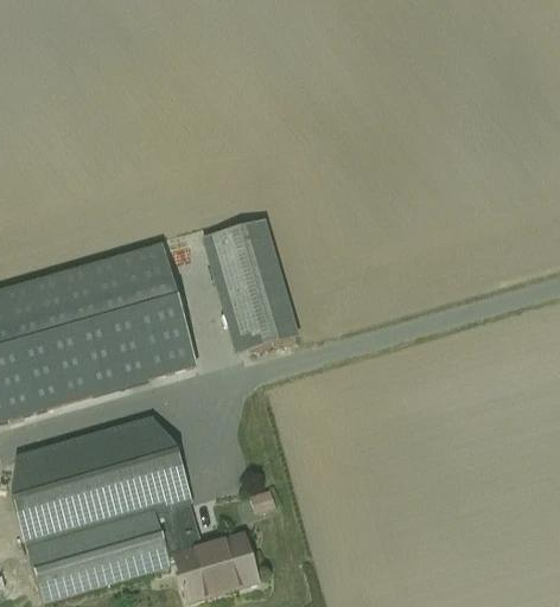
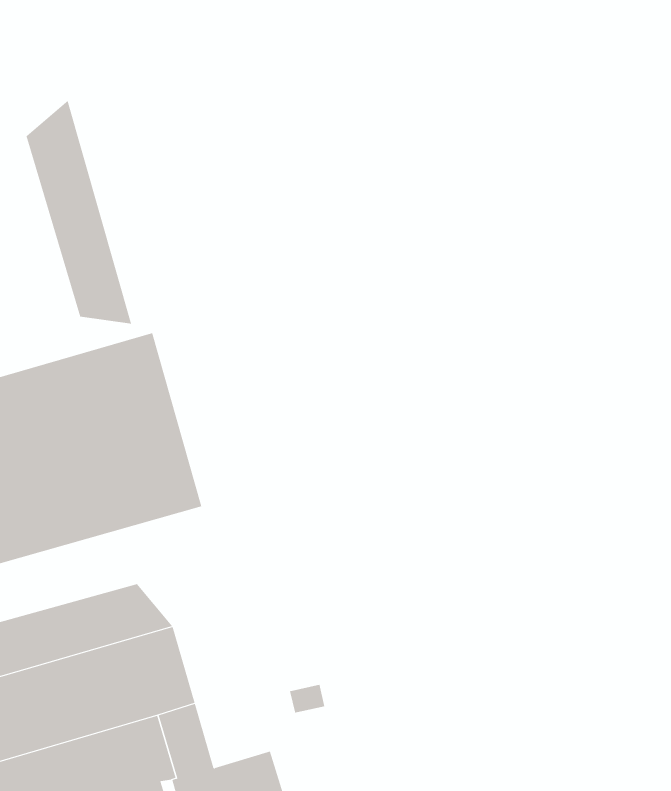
building: none -> [26,100,132,325]
building: [217,221,294,347] -> none

